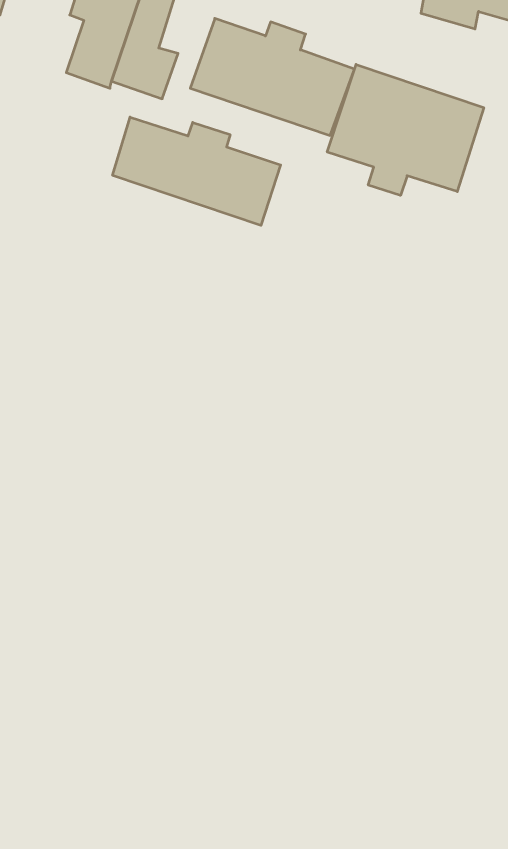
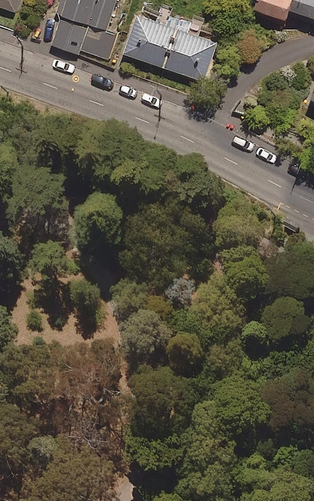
building: [327,64,484,195] -> none
building: [113,117,281,225] -> none

